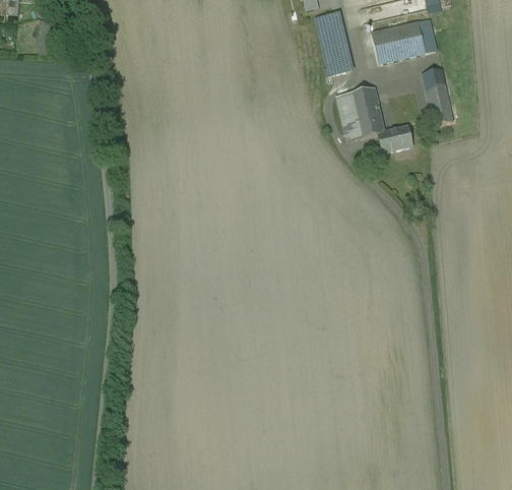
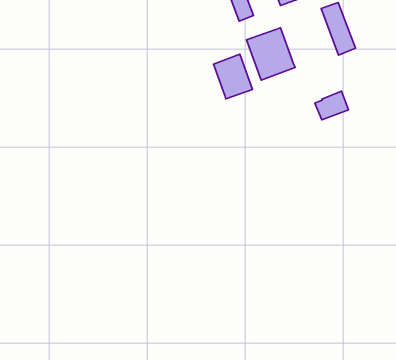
building: none -> [213,54,253,99]
building: [378,124,413,152] -> [315,91,349,120]

